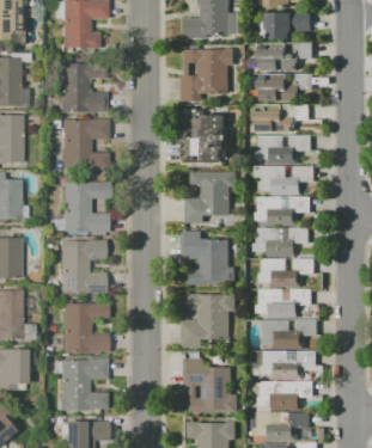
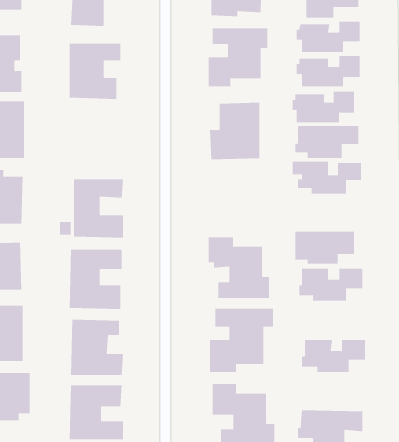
building: [61,118,109,168] -> none
building: [185,171,237,223] -> none
building: [256,196,312,223] -> none
building: [256,288,313,318] -> none
building: [261,351,318,380] -> none

